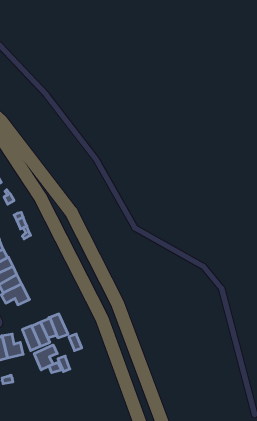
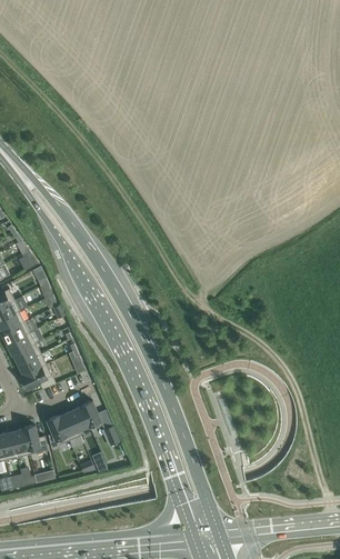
building: [34,345,57,370] -> none

